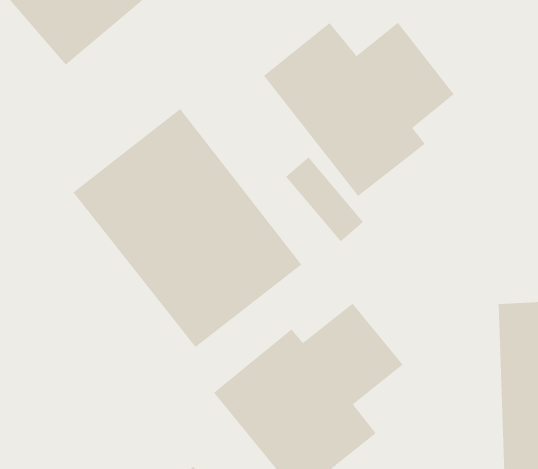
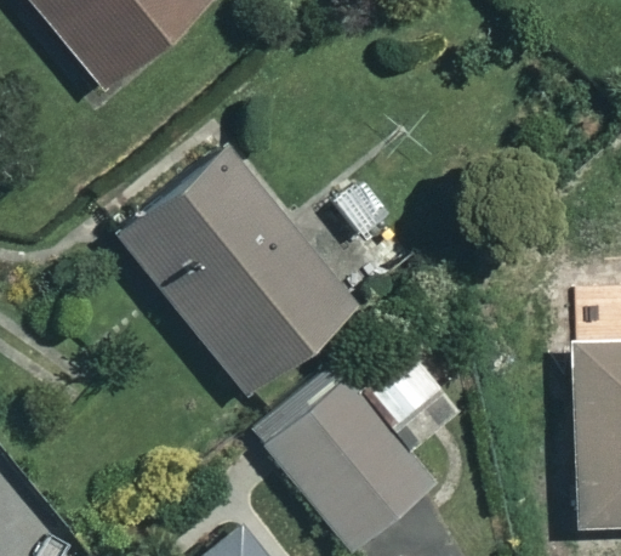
building: [263,22,455,197] -> none

